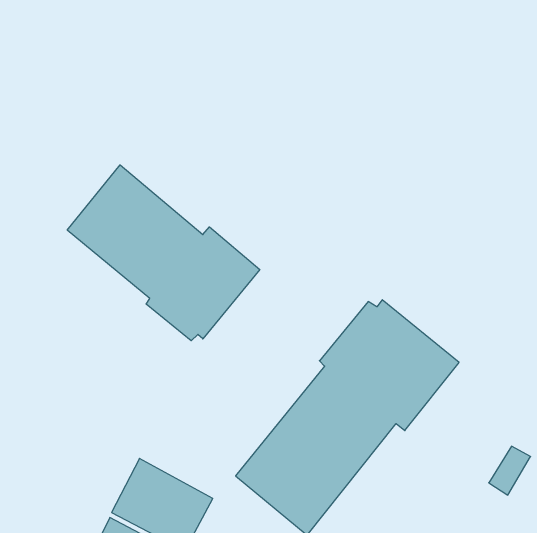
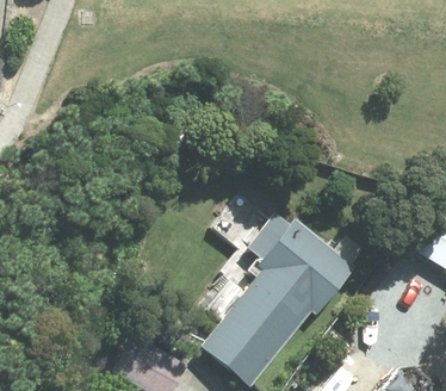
building: [67,165,260,341] -> none

